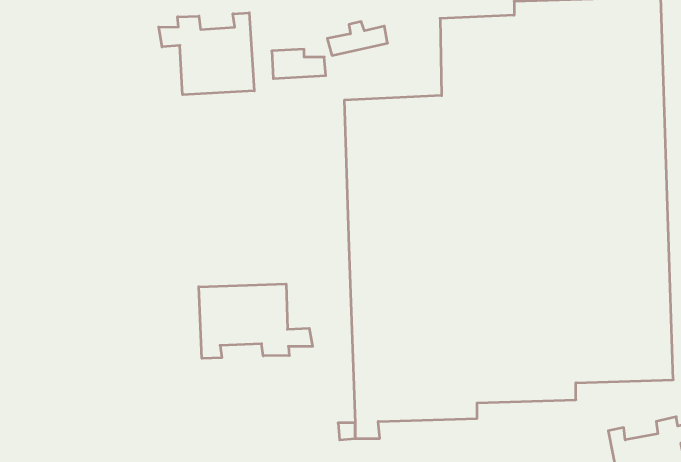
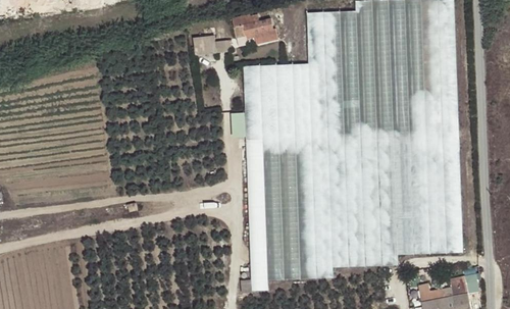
building: [159,13,254,95] -> none
building: [199,284,313,358] -> none

